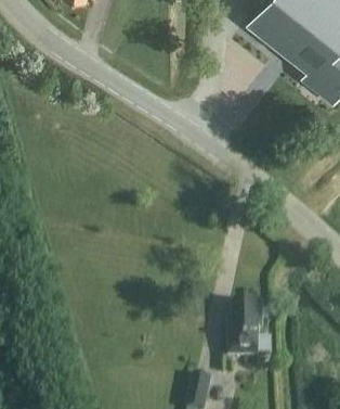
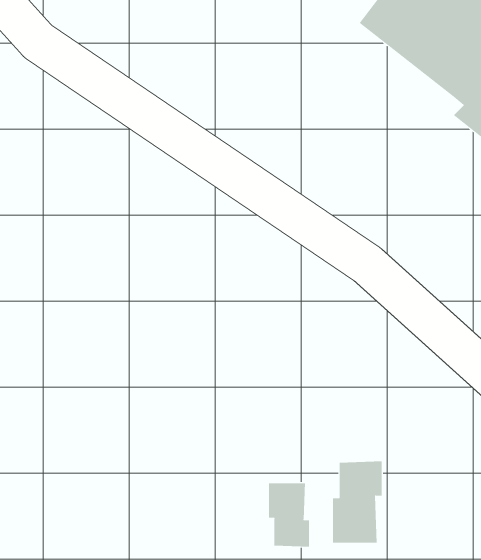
building: none -> [268,482,310,548]

